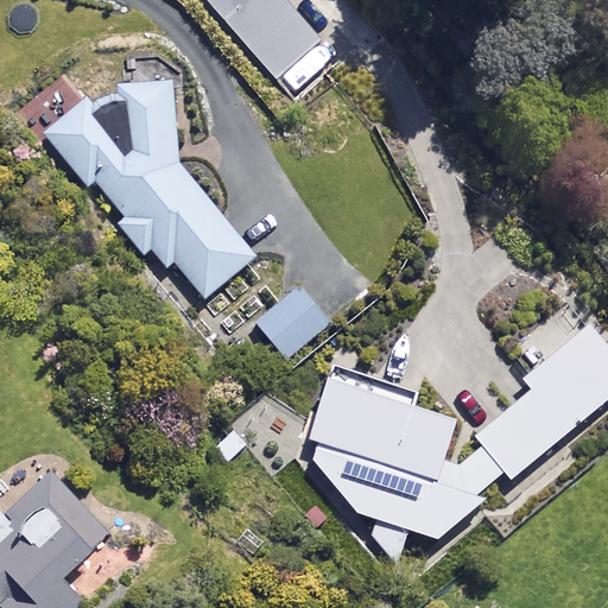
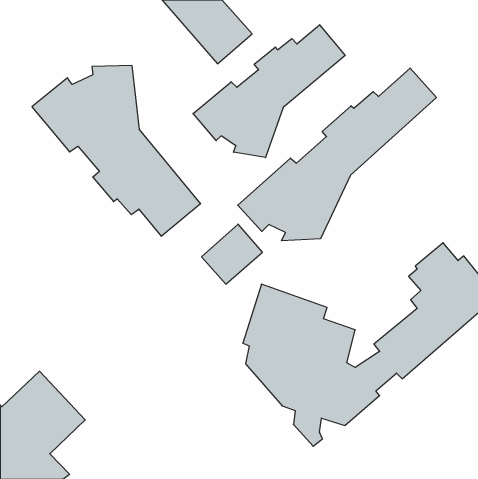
building: none -> [193,25,345,158]
building: none -> [238,68,436,241]

